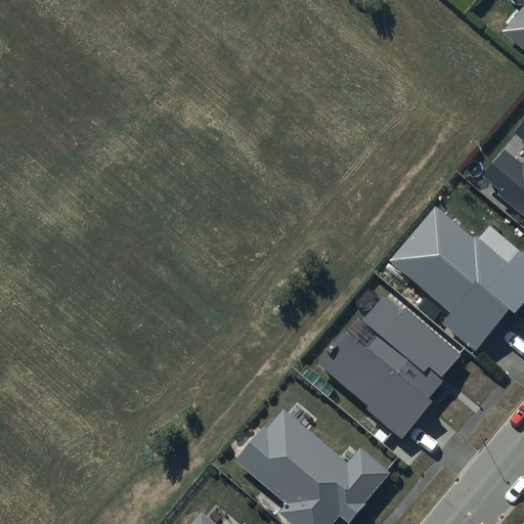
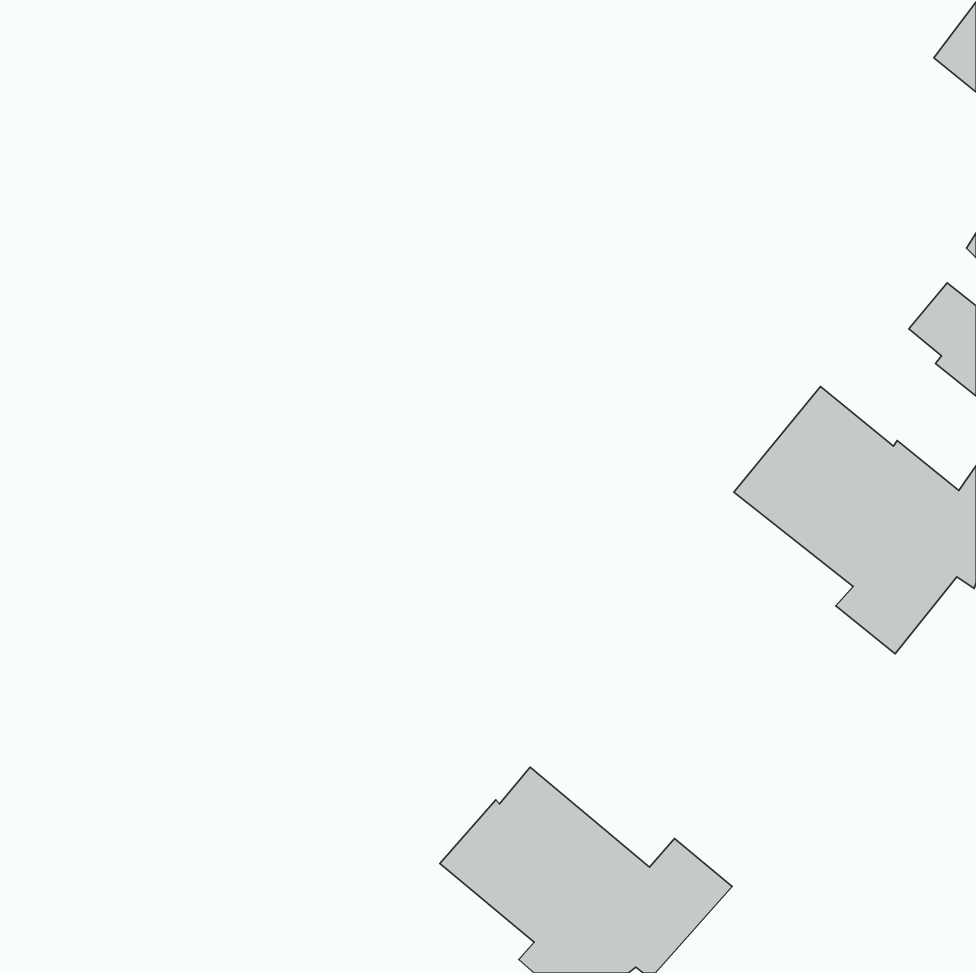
building: [318,295,460,439] -> none

